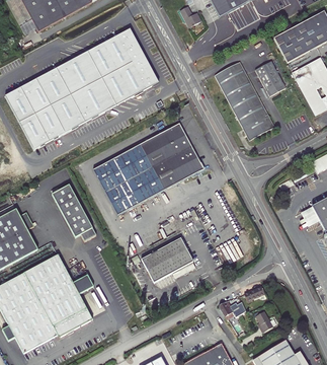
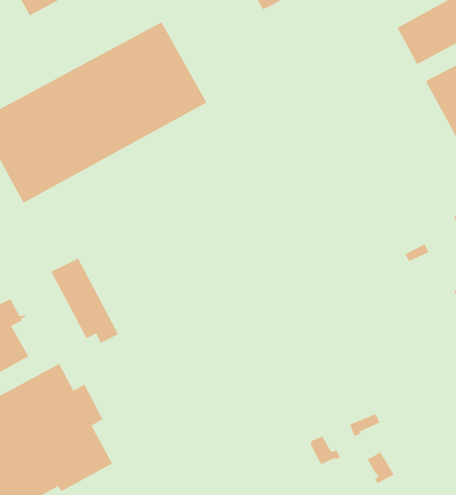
building: [255,60,285,95] -> none
building: [215,61,274,139] -> none
building: [92,122,205,214] -> none
building: [141,236,193,281] -> none

